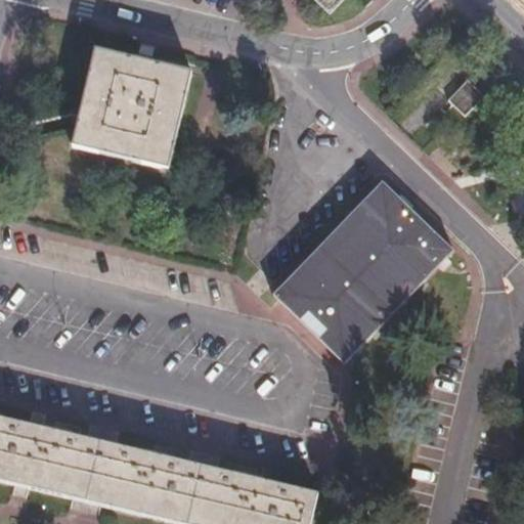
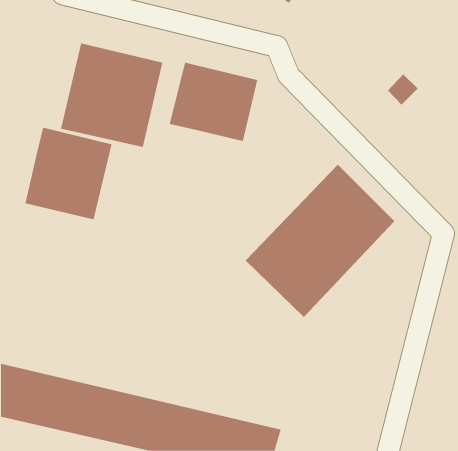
building: none -> [169,62,258,142]
building: none -> [25,127,112,220]

